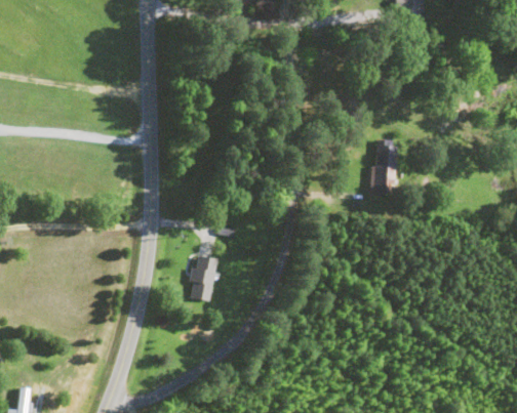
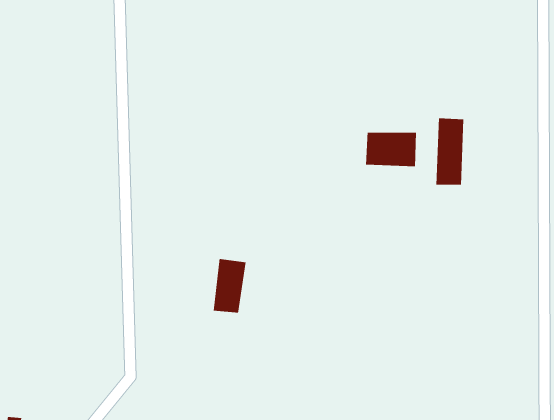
building: none -> [365,132,416,167]

